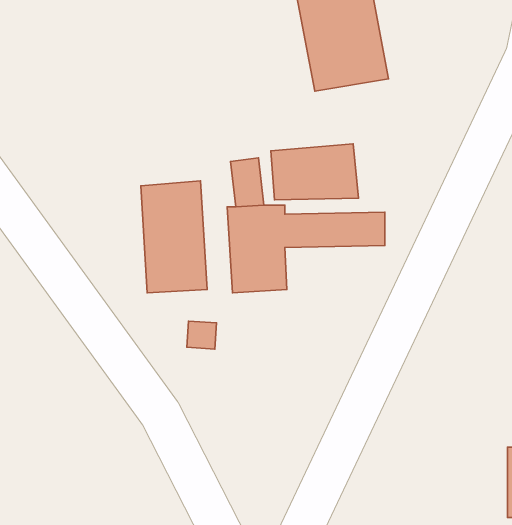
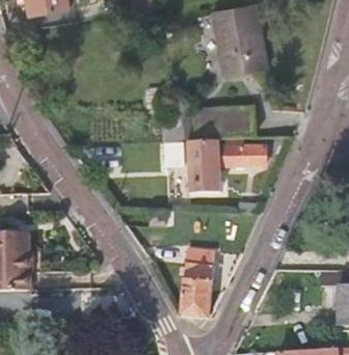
building: [141,181,207,293] -> none
building: none -> [180,248,214,318]

